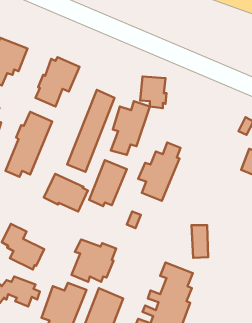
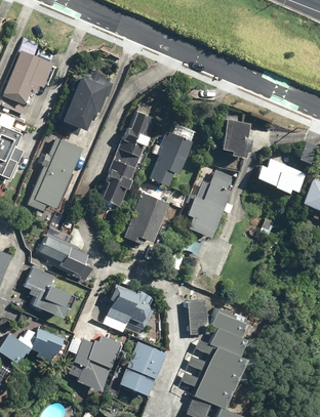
building: [140,77,166,108] -> [221,120,251,157]
building: none -> [256,158,306,194]
building: [44,174,88,212] -> [35,234,86,278]
building: [191,225,208,258] -> [189,299,208,337]

